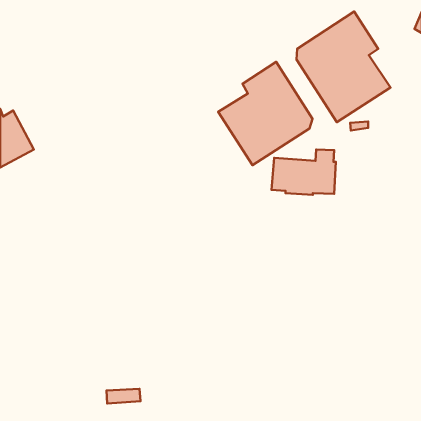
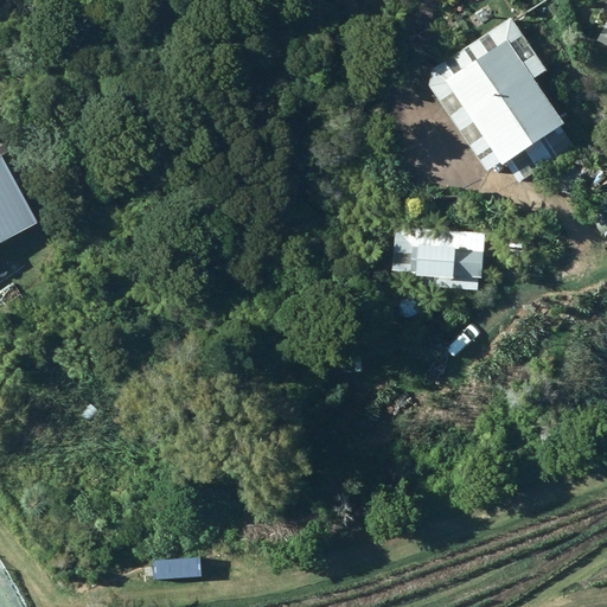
building: [218,62,312,165] -> none

